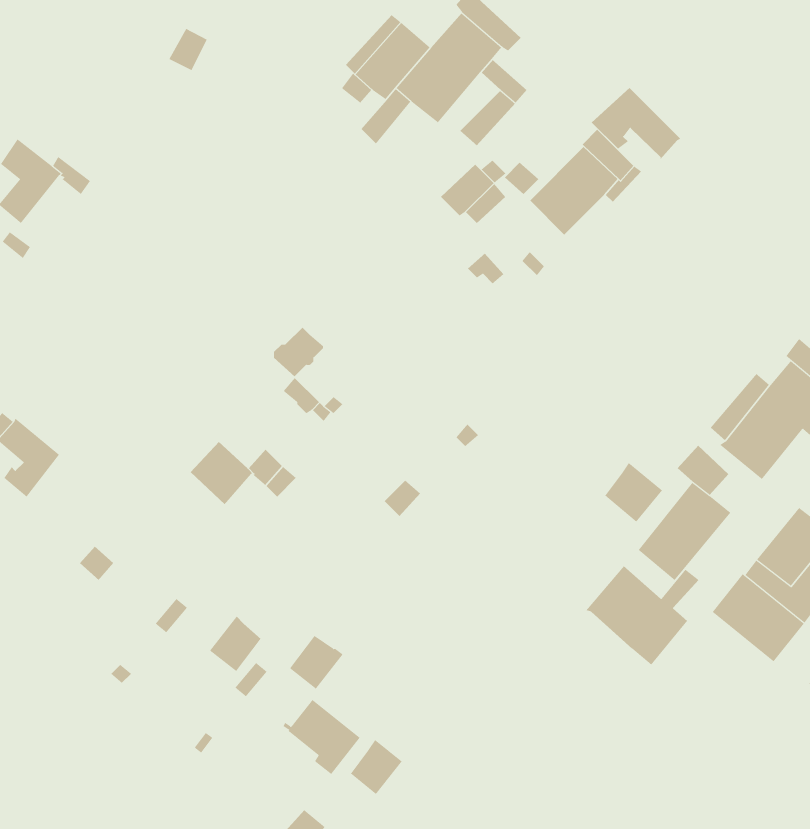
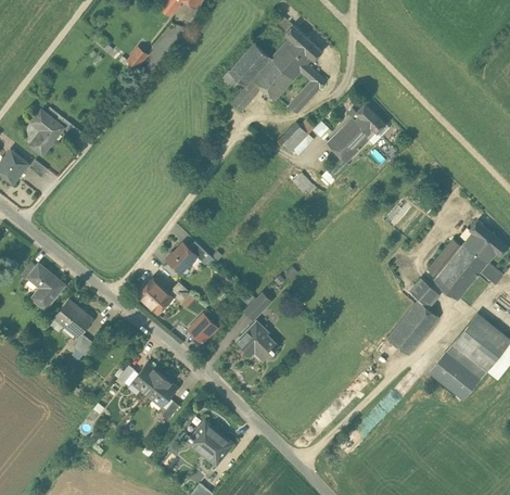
building: [591,87,681,160] -> none
building: [273,327,324,377] -> [168,244,196,272]
building: [605,462,663,523] -> none
building: none -> [54,300,92,337]
building: none -> [187,315,218,346]
building: none -> [238,320,278,357]
building: [586,565,700,665] -> none
building: [289,635,343,689] -> [132,364,163,394]
building: [350,739,403,795] -> none

